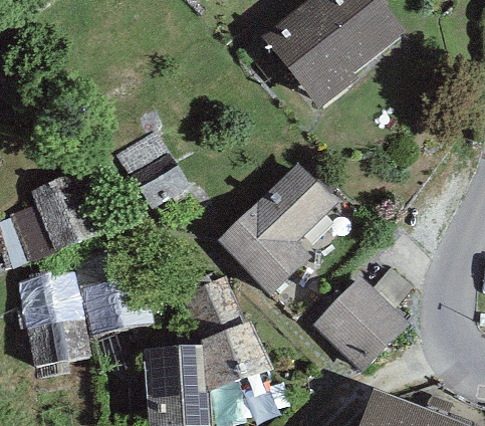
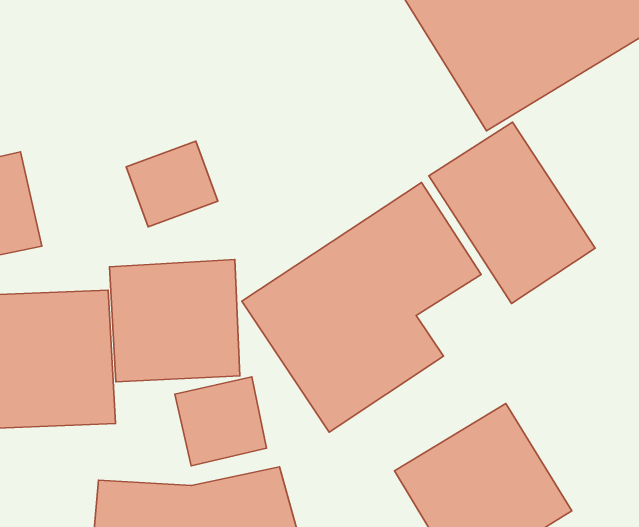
building: none -> [429,122,595,303]
building: none -> [110,260,240,382]

